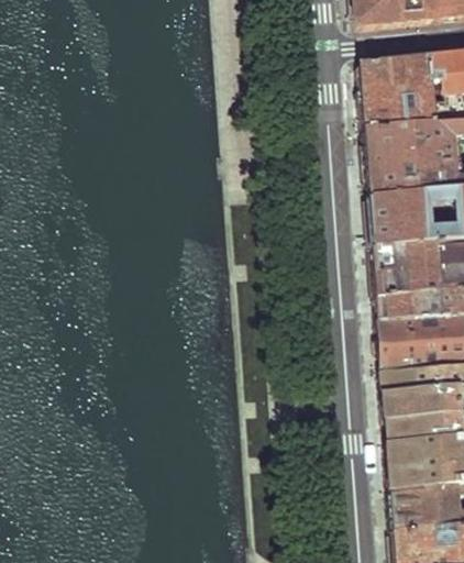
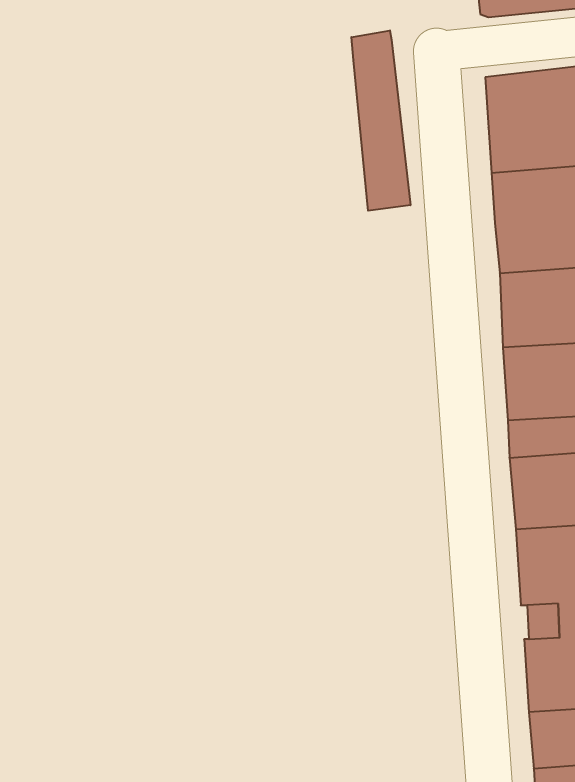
building: none -> [351,30,410,211]

